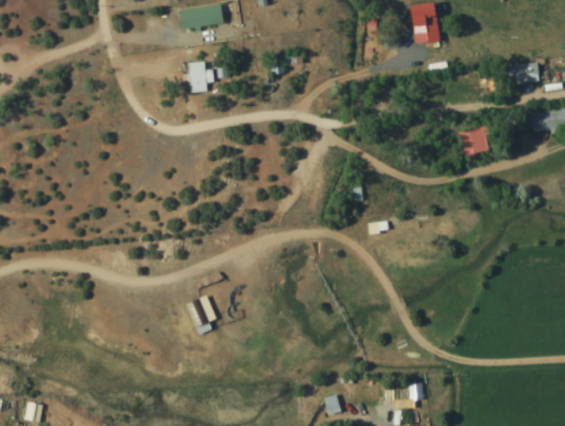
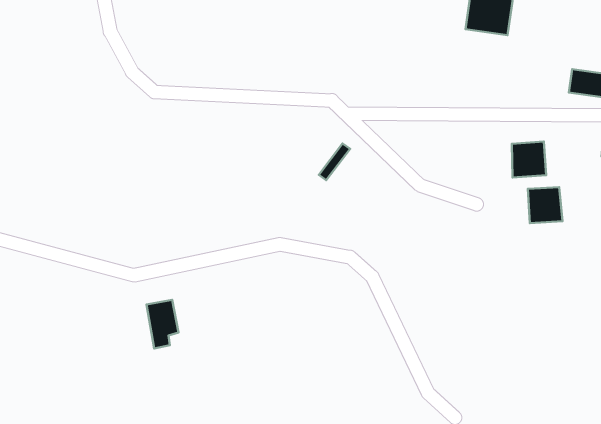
building: [190,61,211,90] -> none
building: none -> [528,187,563,223]

